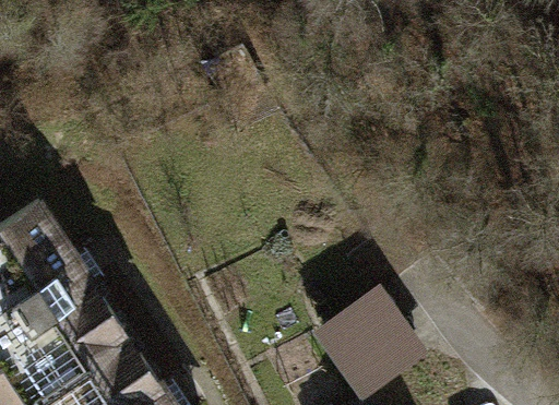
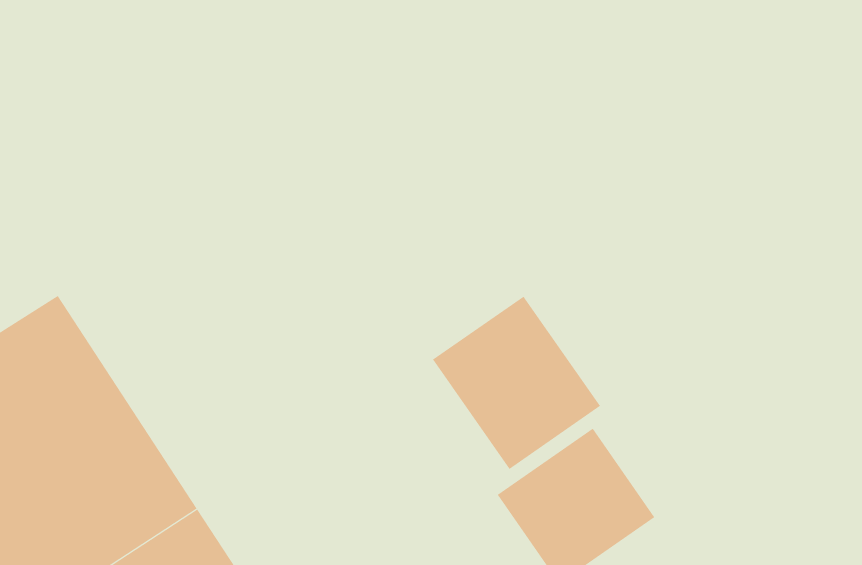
building: none -> [432,296,601,470]

